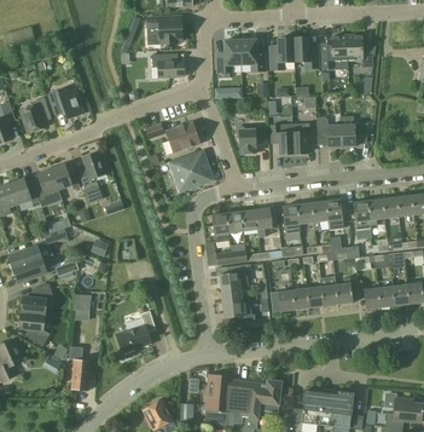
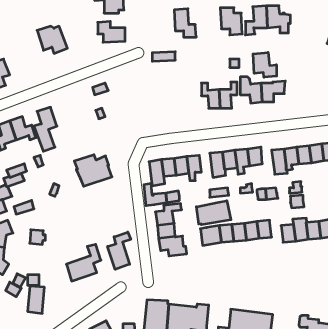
building: [269,38,295,70] -> none
building: [217,40,242,73] -> none
building: [48,88,83,120] -> [37,26,67,53]
building: none -> [253,52,277,77]
building: [167,122,199,152] -> none
building: [237,127,267,154] -> none
building: [169,155,213,191] -> [74,155,112,186]
building: none -> [196,201,231,225]
building: none -> [108,232,131,269]

